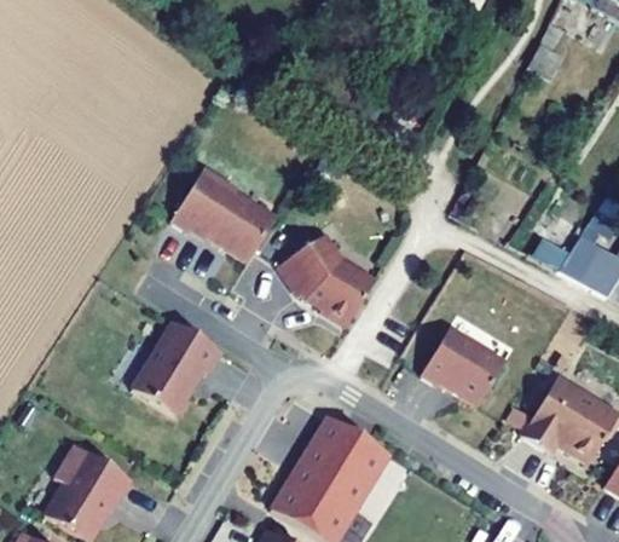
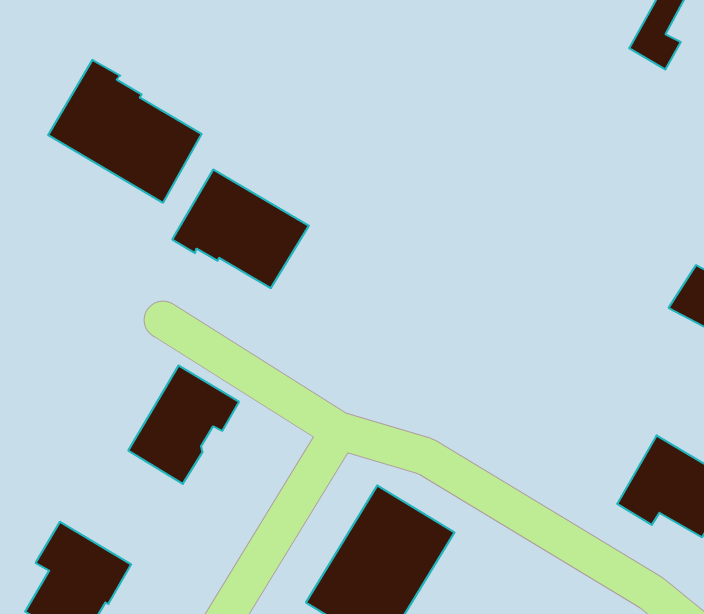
building: none -> [48,60,202,203]
building: [277,232,372,324] -> none
building: [417,325,502,403] -> none

